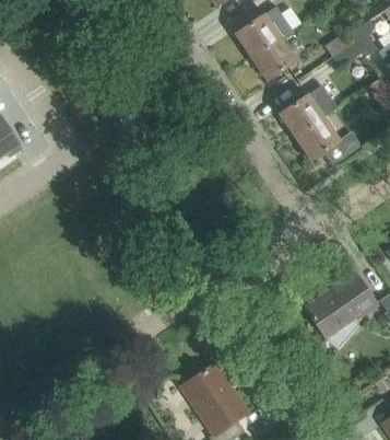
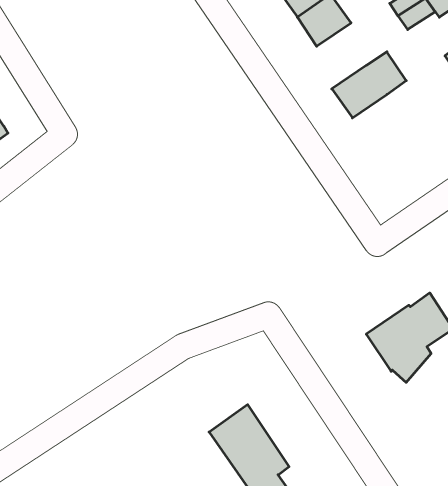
building: [295,117,338,159] -> none

